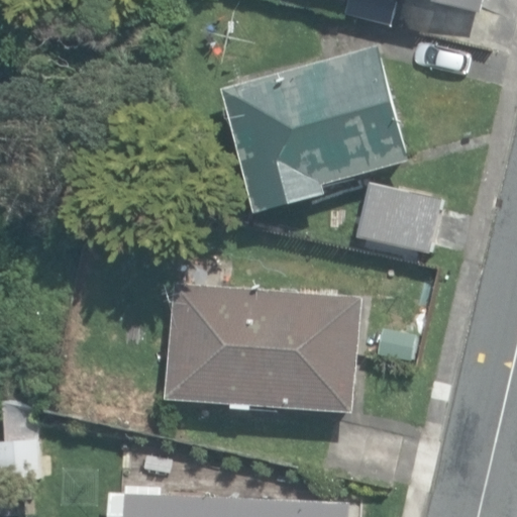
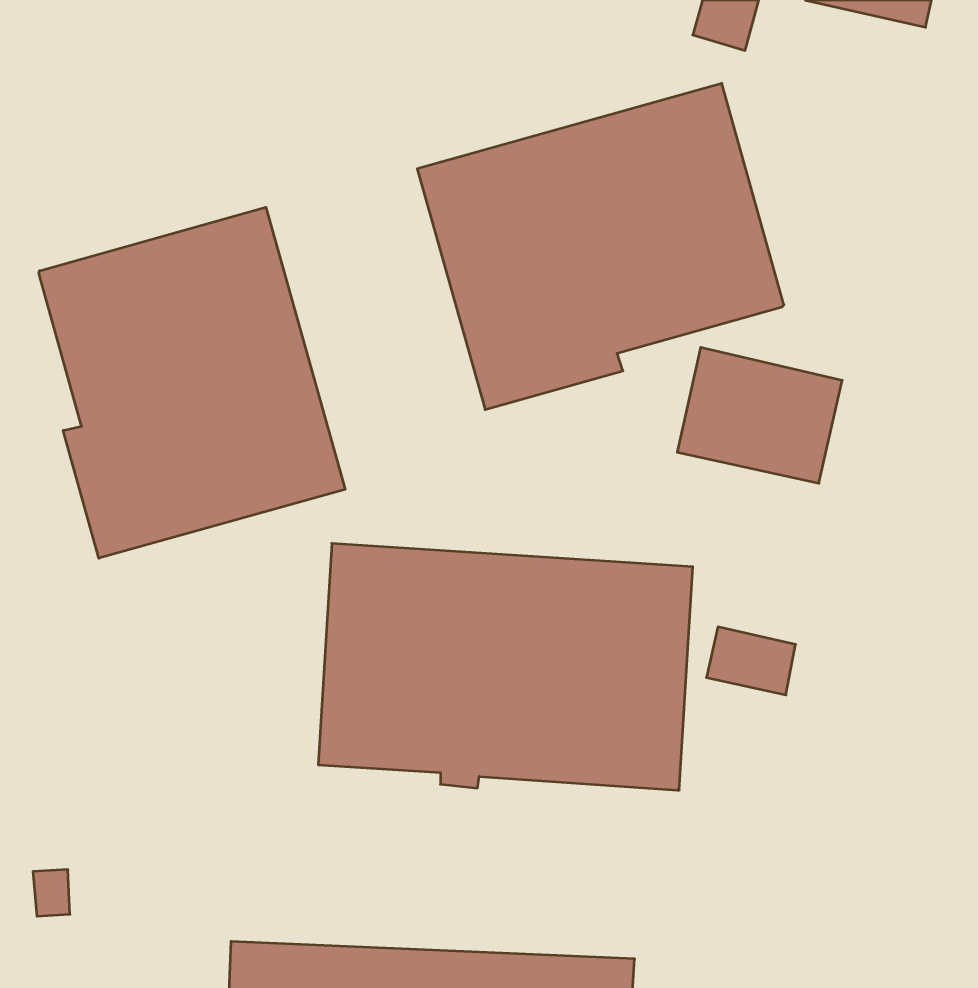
building: none -> [39,207,345,558]

